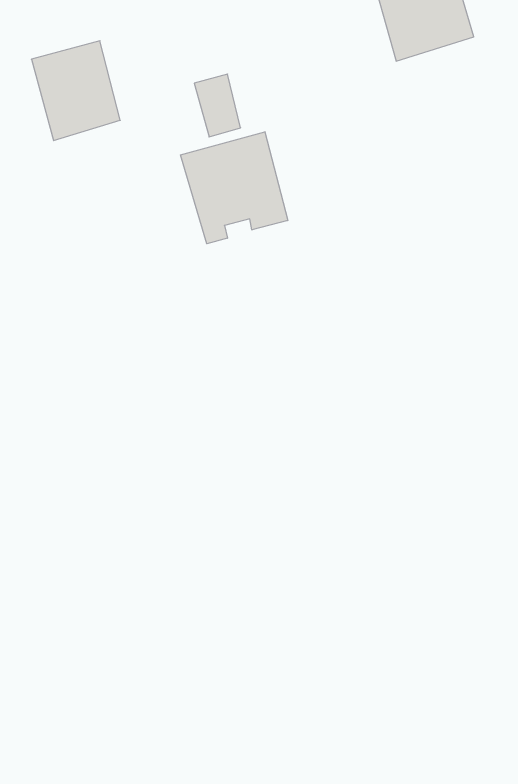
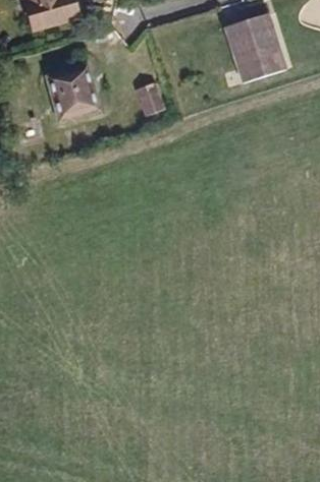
building: [181,132,288,244] -> none

